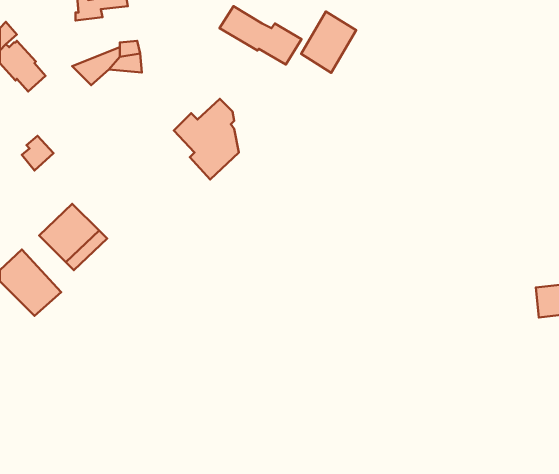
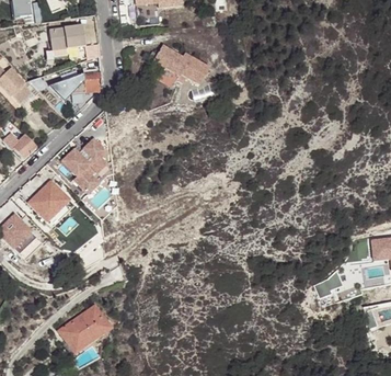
building: [301,12,356,73] -> none
building: [174,99,239,179] -> [62,139,107,195]
building: none -> [57,304,111,353]

